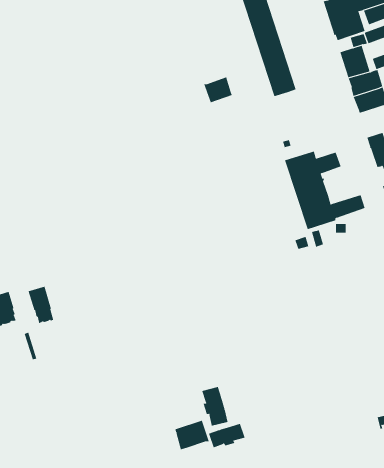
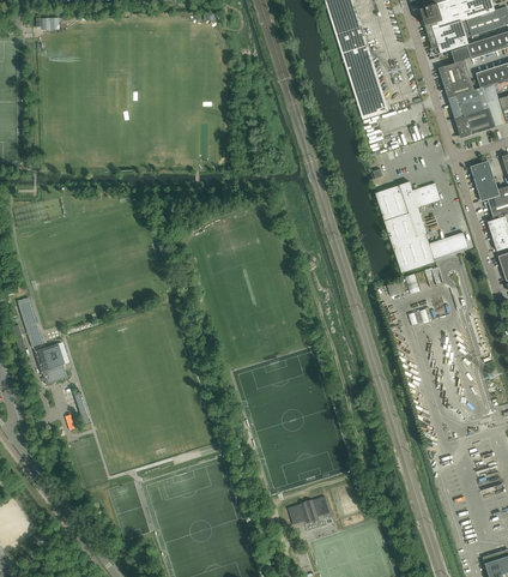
building: [204,77,232,103] -> none
building: [28,286,54,324] -> none
building: [201,386,228,427] -> none
building: [175,420,209,450] -> none

